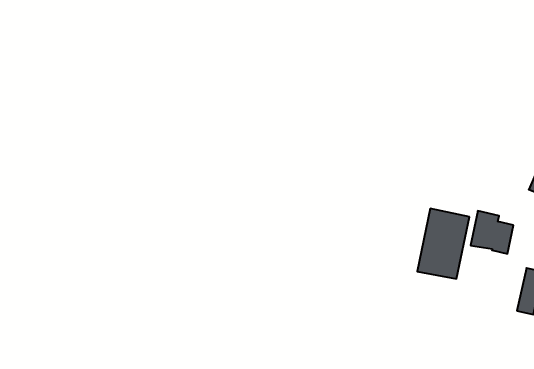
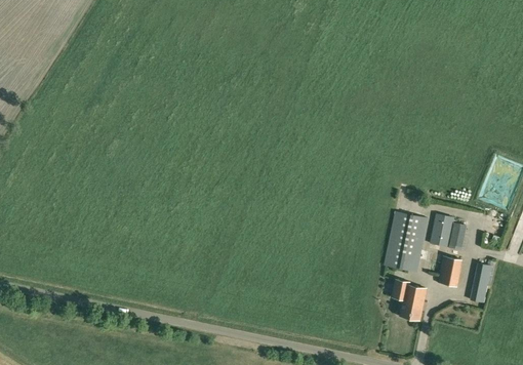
building: none -> [438,255,462,287]
building: none -> [392,279,426,320]

